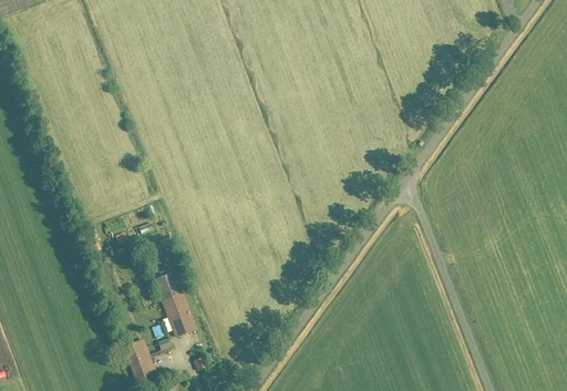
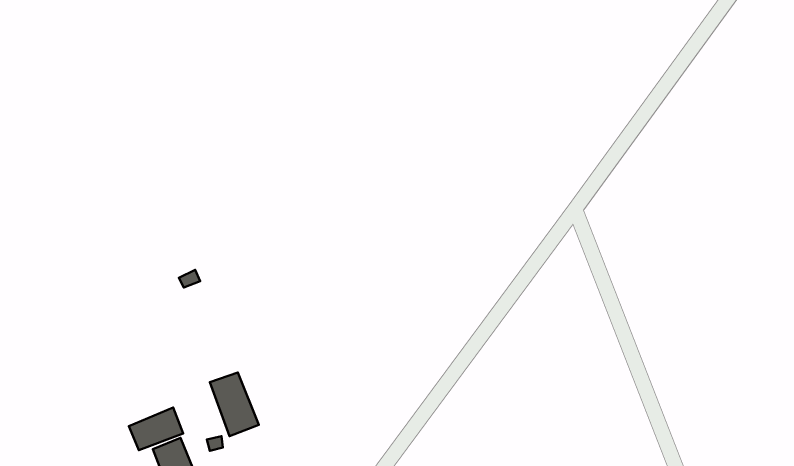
building: none -> [129,408,183,450]

